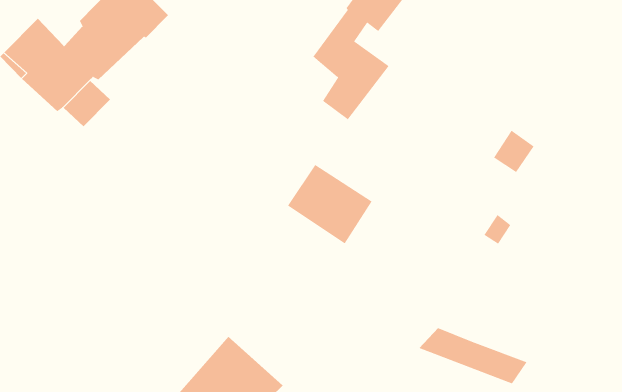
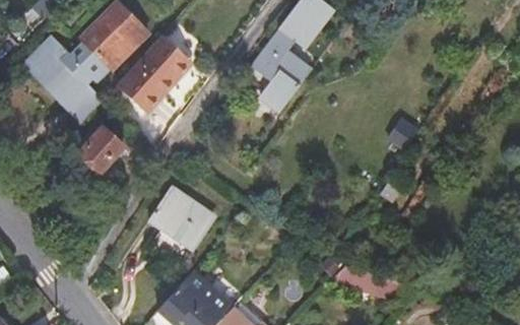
building: none -> [116,34,188,112]
building: none -> [80,126,123,170]
building: [287,164,373,244] -> [149,188,212,247]

